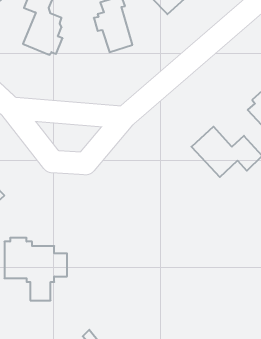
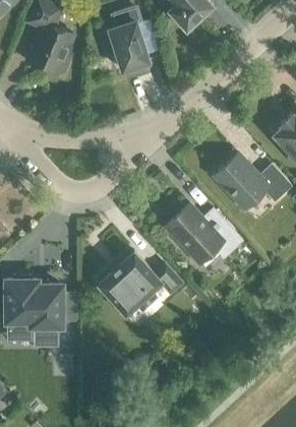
building: none -> [165,203,242,264]
building: none -> [98,252,181,315]

